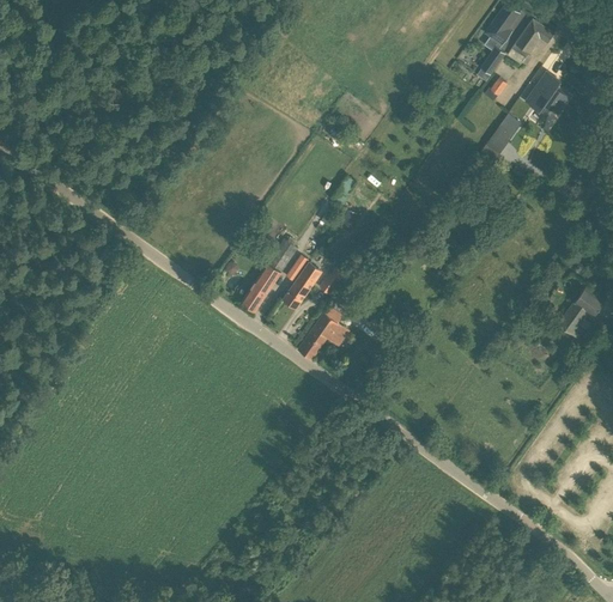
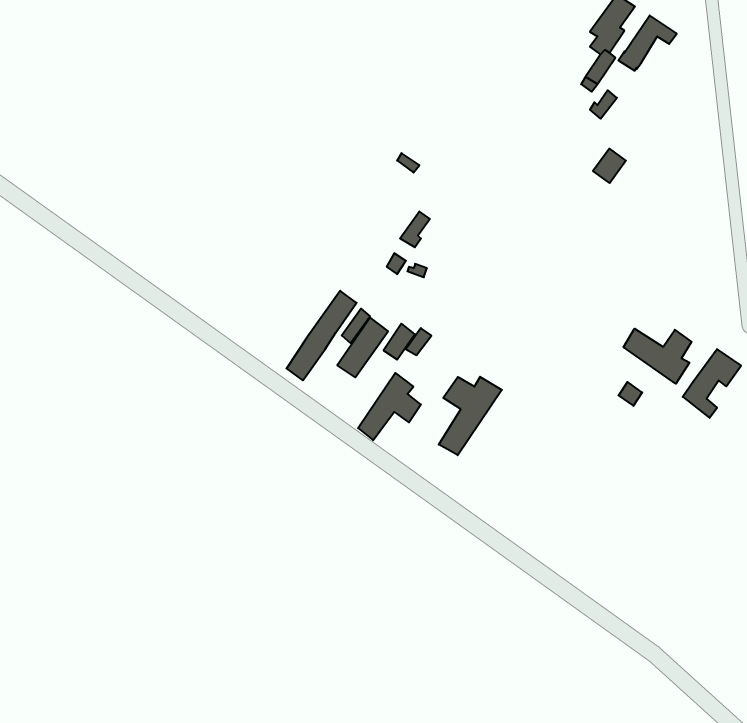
building: [524,72,570,116] -> none
building: none -> [623,329,692,384]
building: none -> [439,377,502,455]

